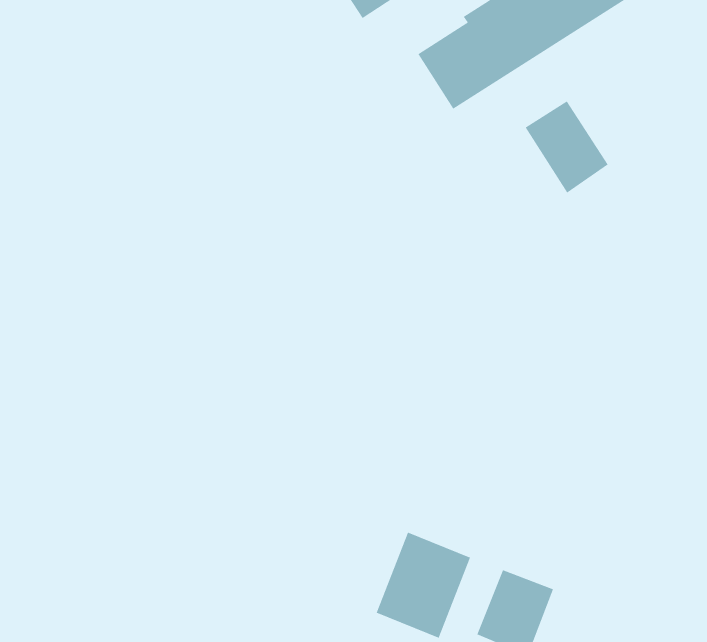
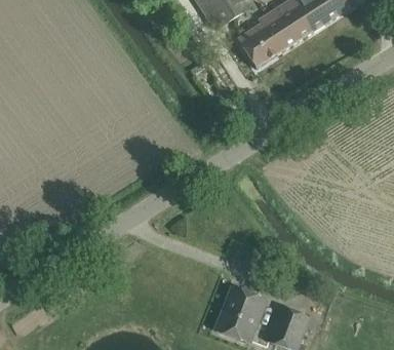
building: [525,100,608,194] -> none

